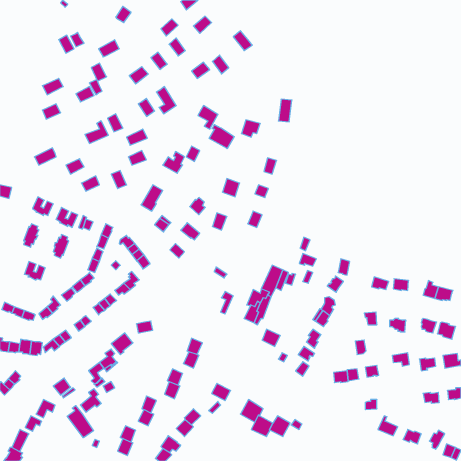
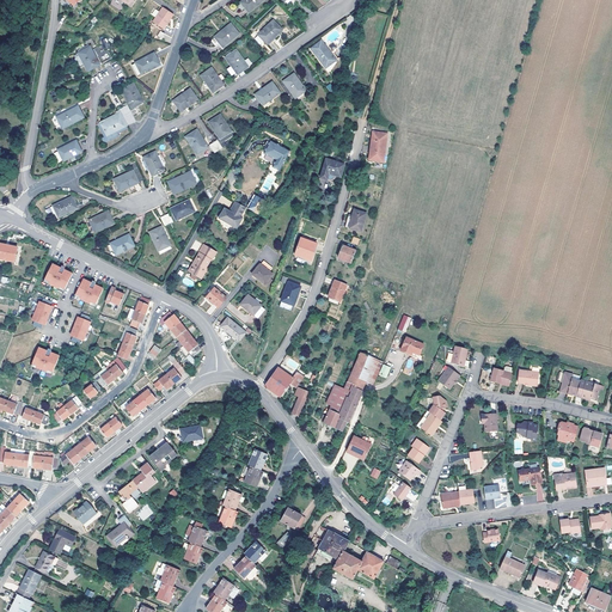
building: [209,125,234,149] -> none
building: none -> [264,367,300,397]
building: [67,406,94,438] -> none

